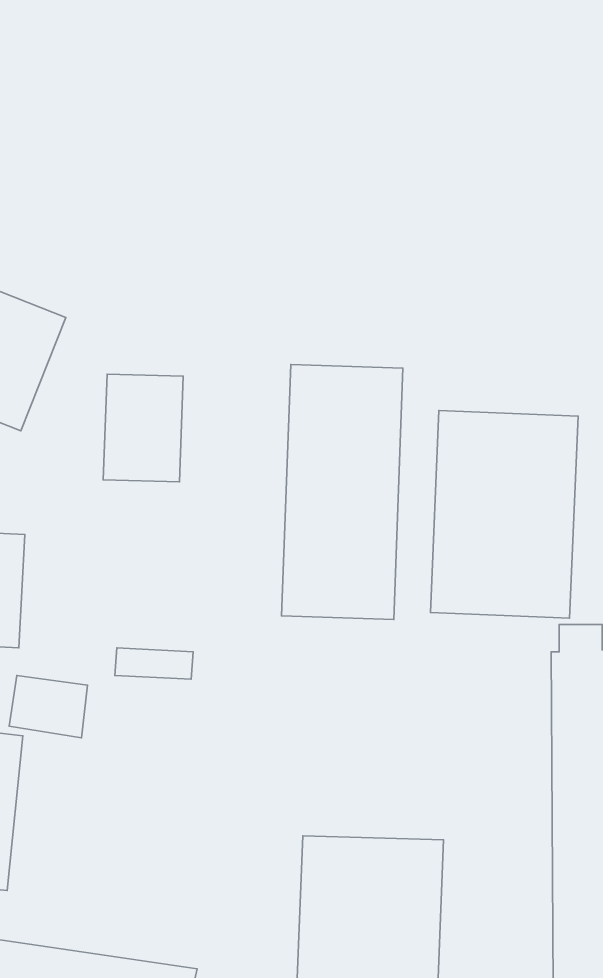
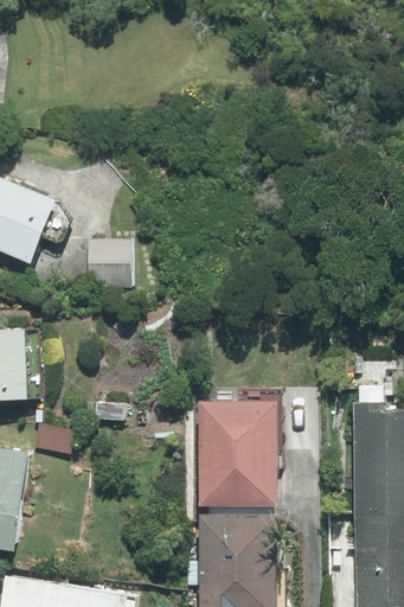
building: [281,364,403,620] -> none
building: [430,411,578,618] -> none
building: none -> [195,398,282,506]

